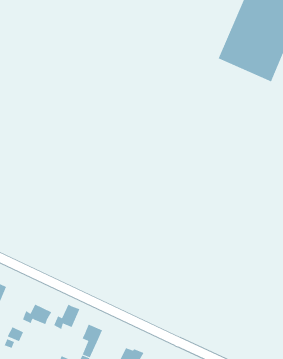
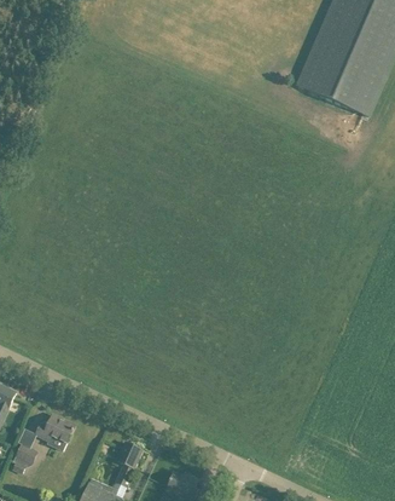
building: [54,304,80,330] -> none

